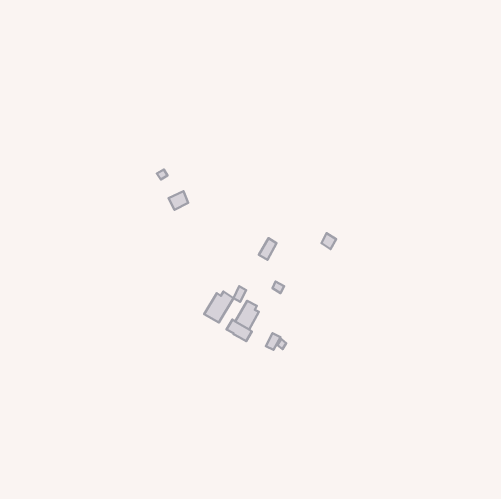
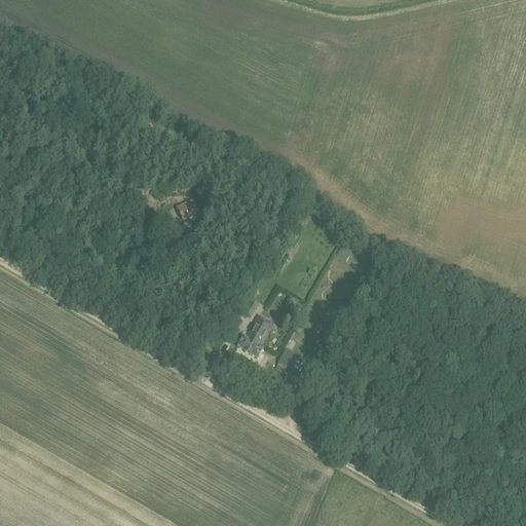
building: [204,291,233,323] -> none

